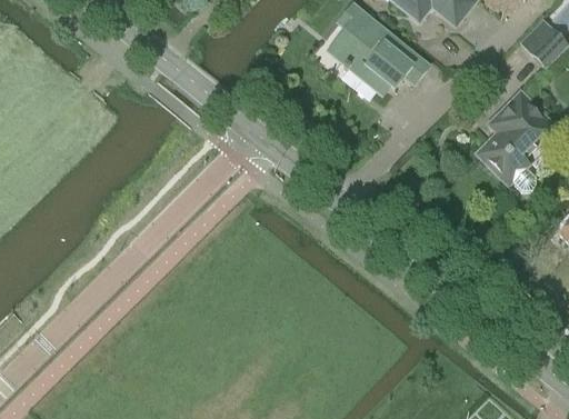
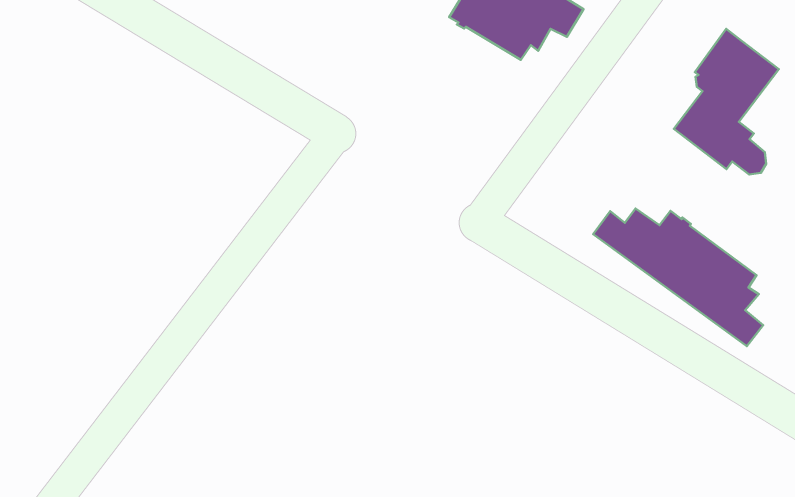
building: none -> [593,209,763,346]

